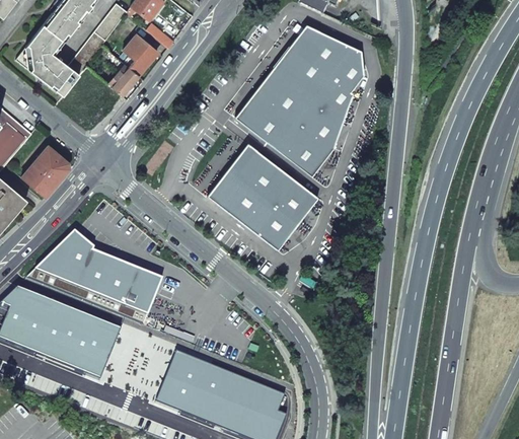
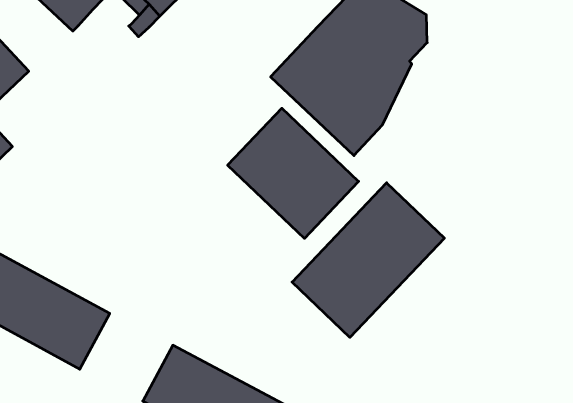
building: [21,144,69,196] -> none
building: none -> [292,183,444,337]
building: [27,231,161,321] -> none

